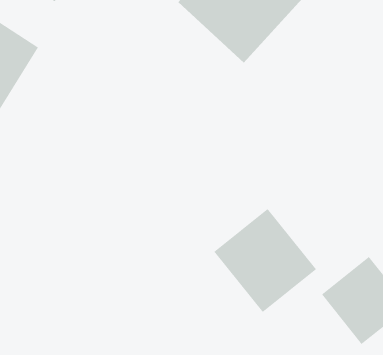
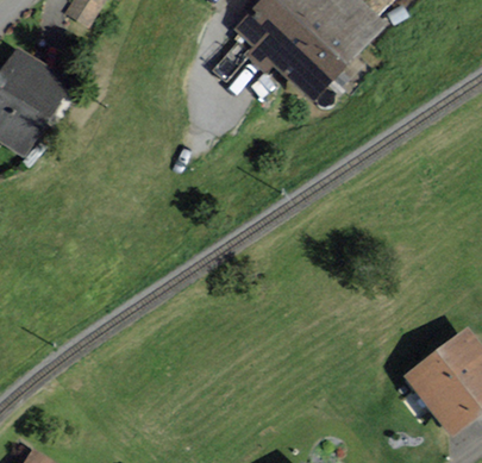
building: [214,208,317,313] -> none

